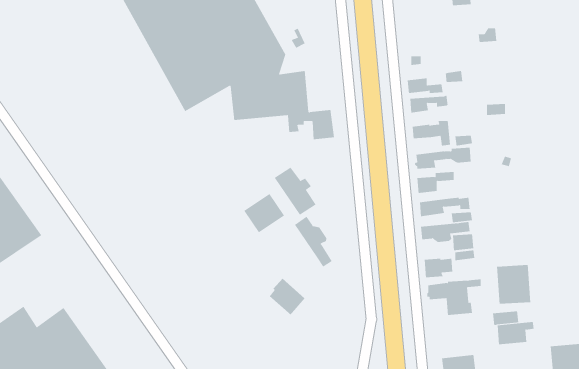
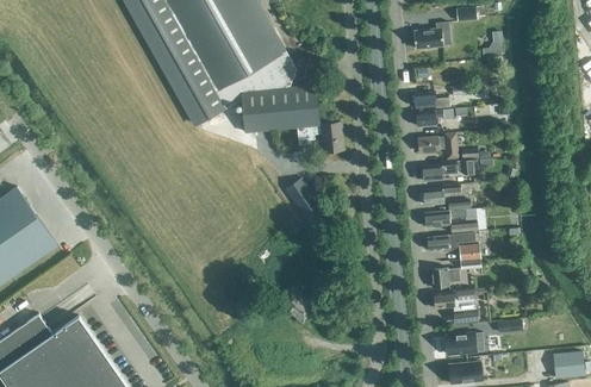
building: none -> [413,23,449,49]
building: [243,193,285,233] -> none
building: [294,216,333,268] -> none
building: [497,264,531,305] -> none
building: [497,322,535,345] -> [442,332,479,355]

